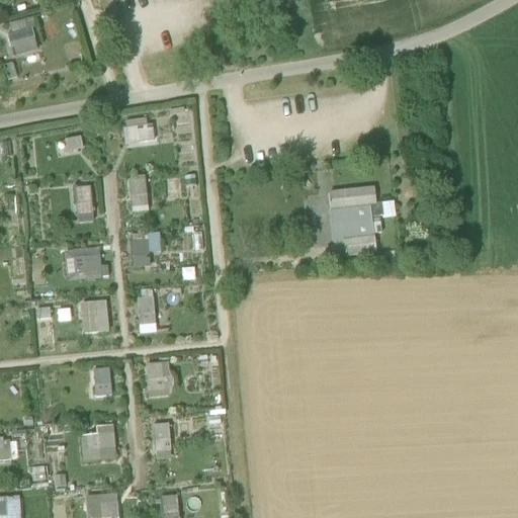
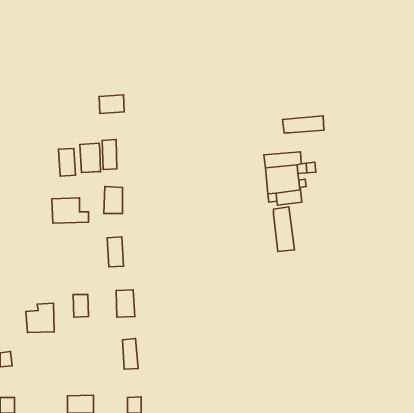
building: [7,17,41,54] -> none
building: none -> [283,116,324,133]
building: none -> [80,143,101,173]
building: none -> [273,207,295,252]
building: [80,298,109,333] -> none
building: [80,424,115,460] -> [26,303,54,332]

